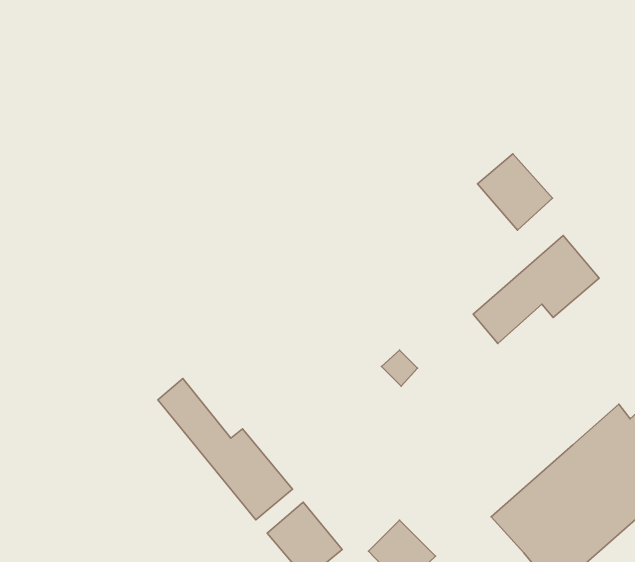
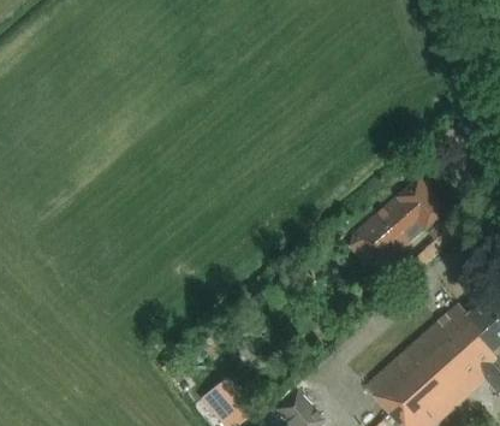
building: [478,154,553,230] -> none
building: [158,379,293,520] -> none

